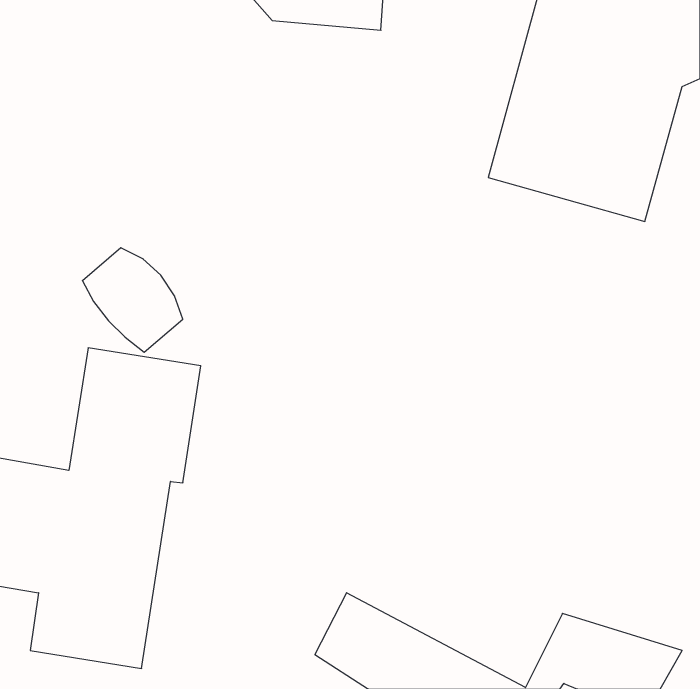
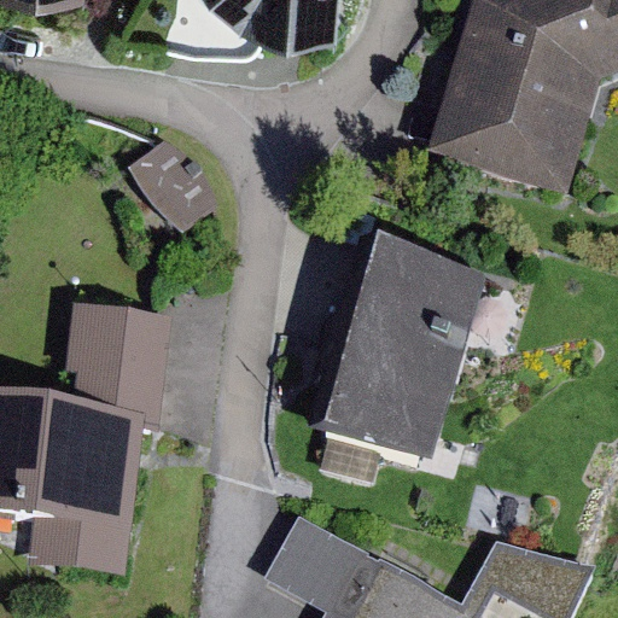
building: [82,248,183,352] -> [129,138,217,229]
building: none -> [314,249,479,464]

